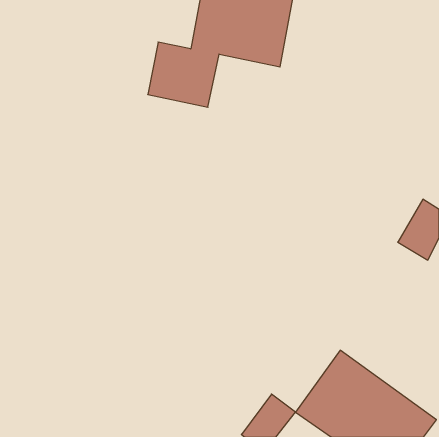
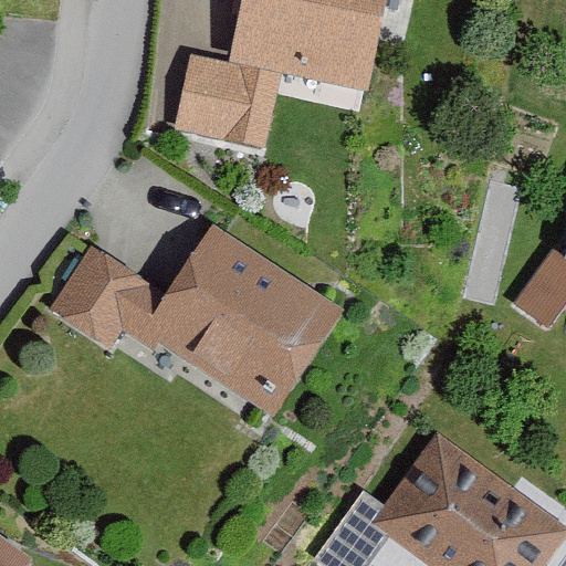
building: none -> [57,242,326,397]

